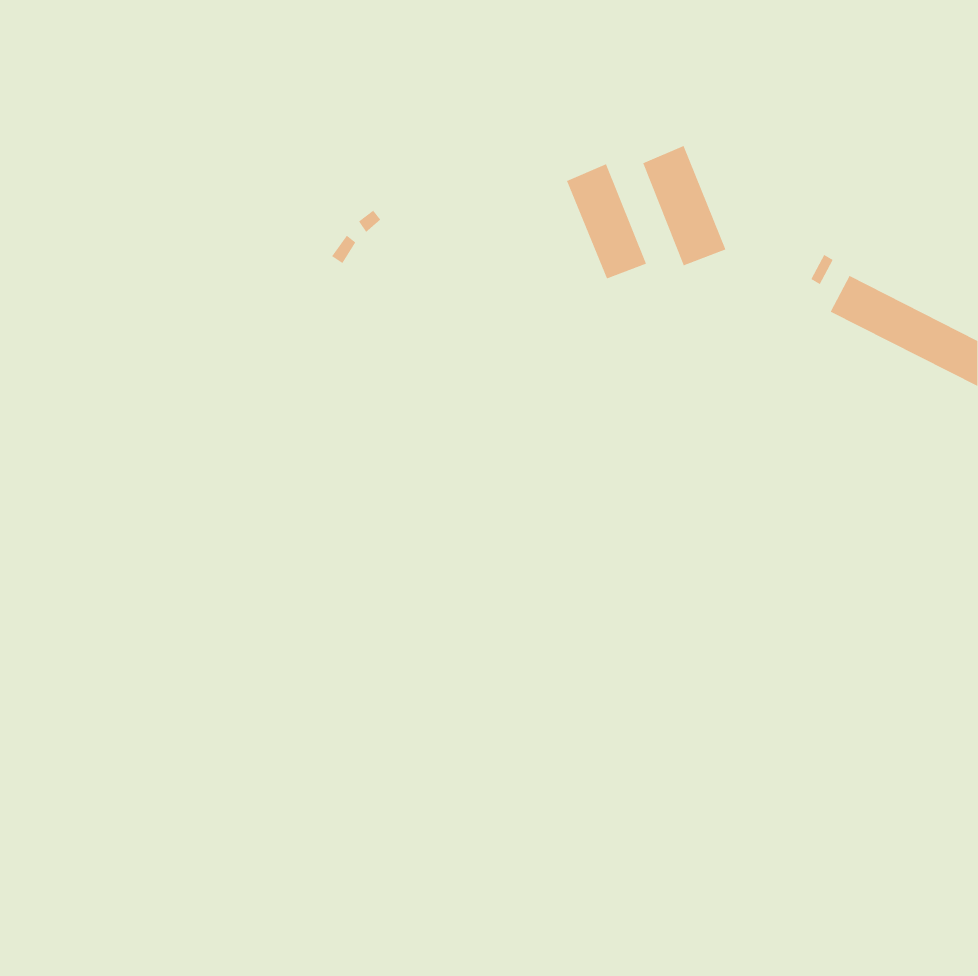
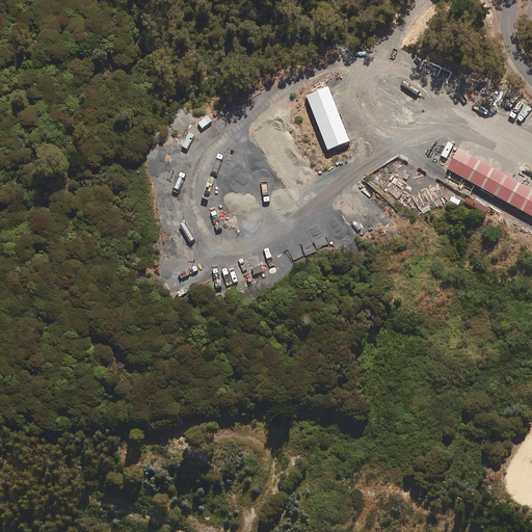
building: [643,145,726,266] -> none

